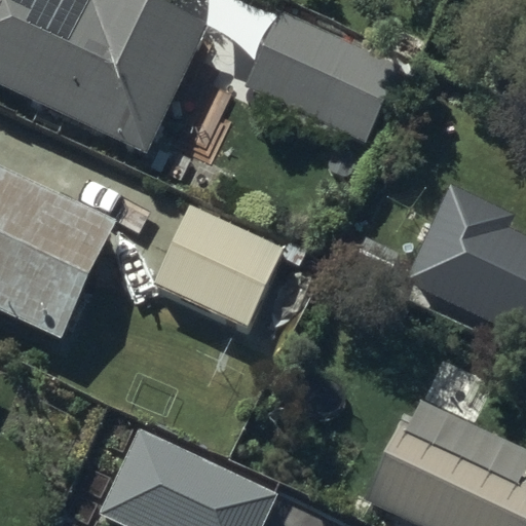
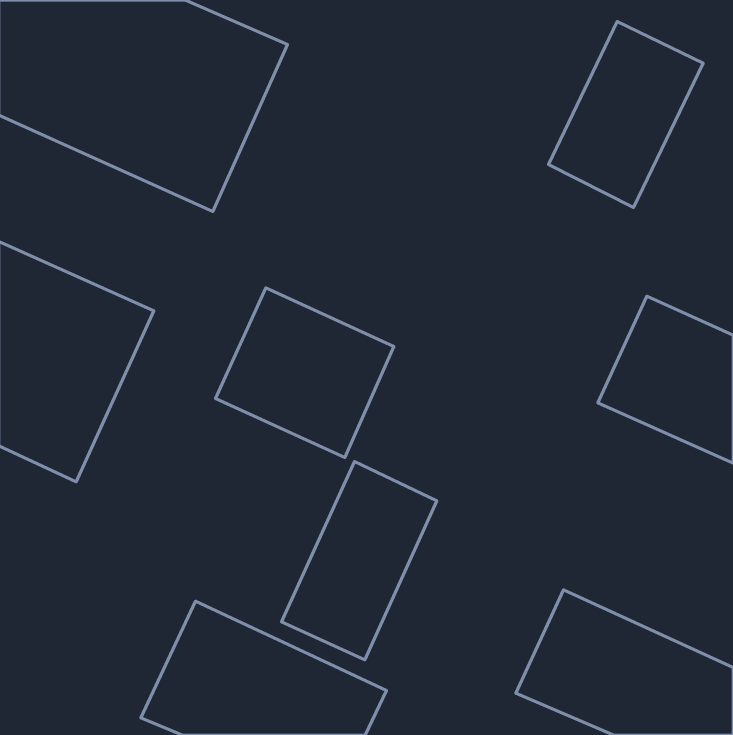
building: [243,9,401,144] -> none
building: none -> [548,21,703,207]
building: none -> [282,461,437,660]

